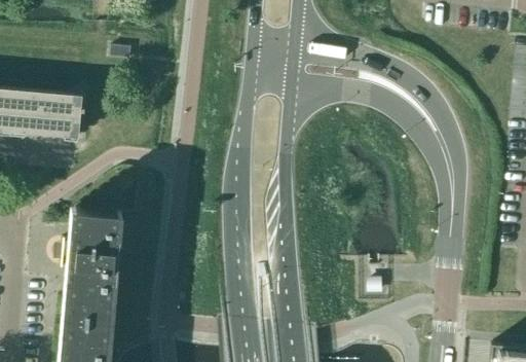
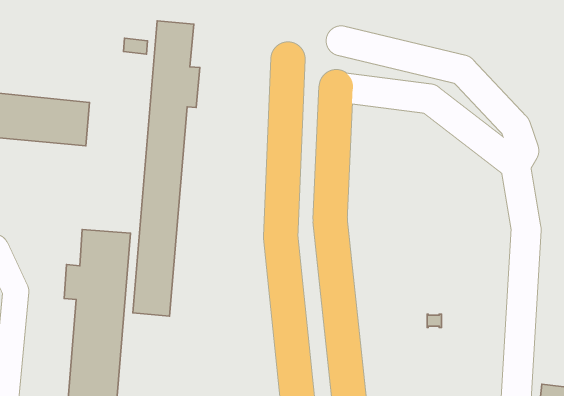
building: none -> [133,21,200,316]

